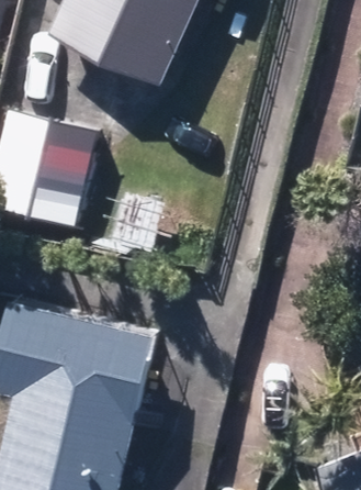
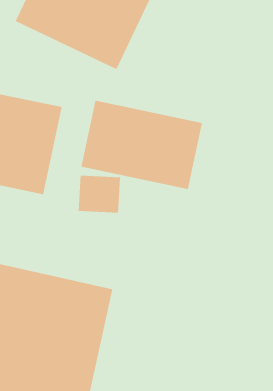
building: none -> [81,100,203,190]

